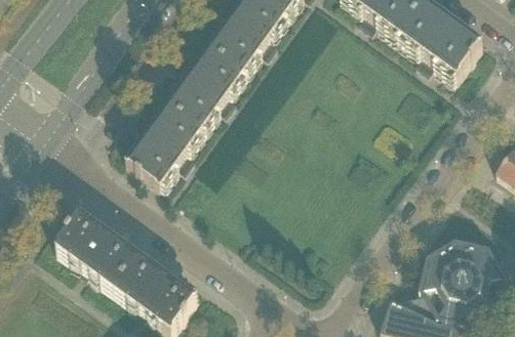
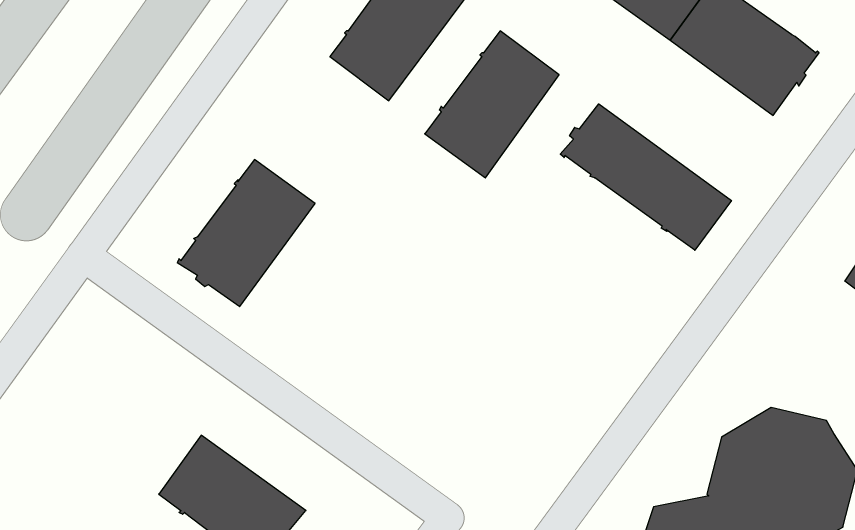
building: [168,43,243,125] -> [425,31,559,178]
building: none -> [560,104,731,250]
building: [56,212,138,287] -> none

